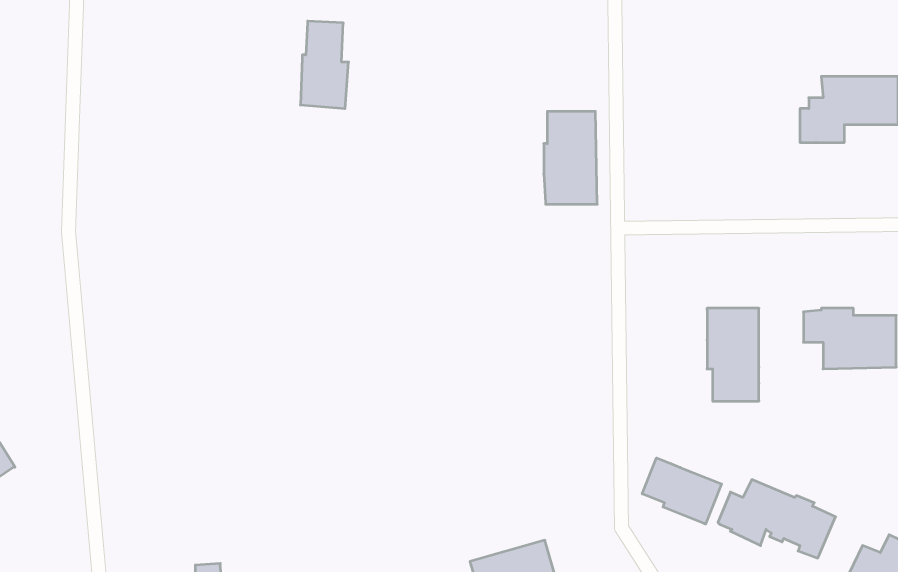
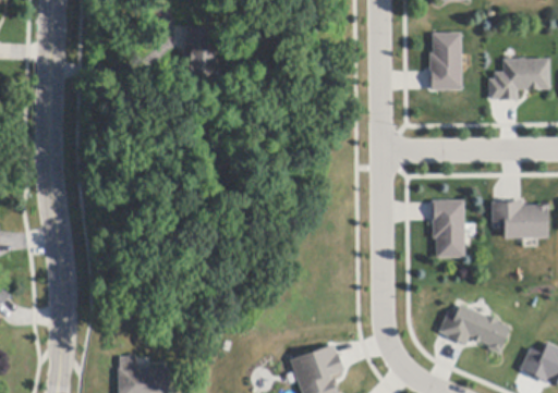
building: [544,111,597,204] -> [429,33,462,89]
building: [642,458,722,524] -> none

